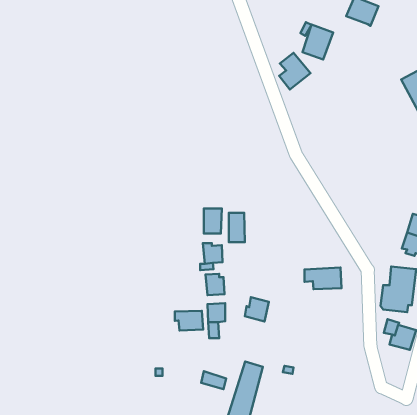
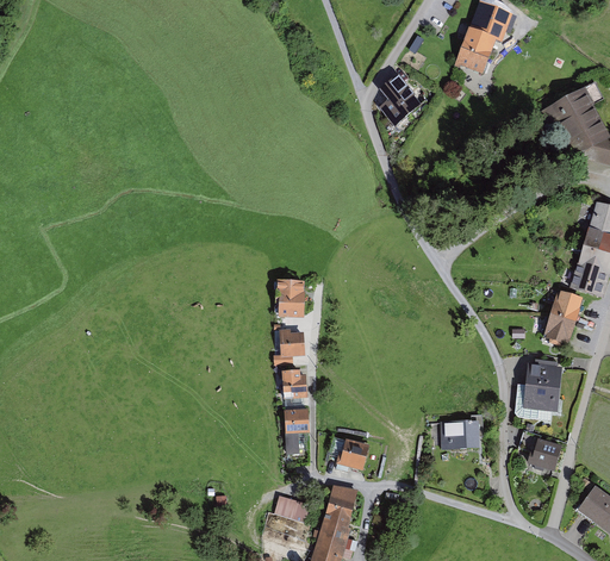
building: [303,24,333,59] -> [458,26,498,73]
building: [229,213,245,242] -> none
building: [305,268,341,289] -> [430,419,479,448]
building: [245,297,269,321] -> [337,438,369,470]
building: [175,311,203,331] -> none

